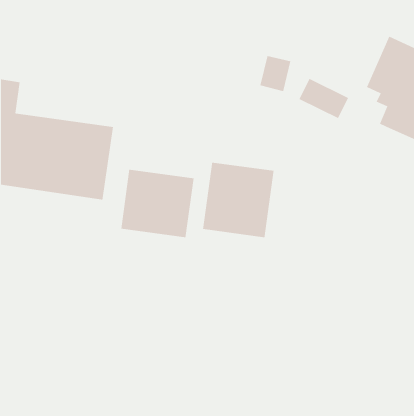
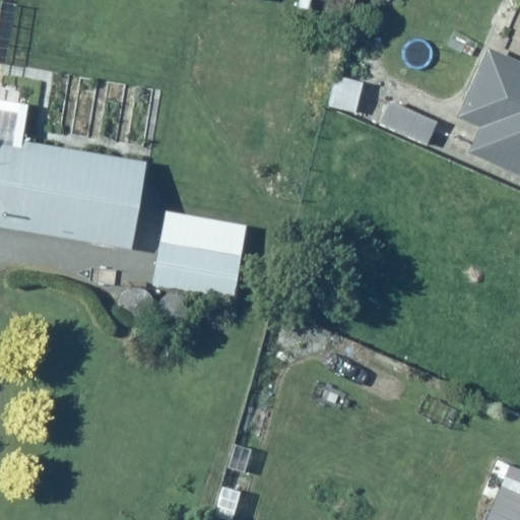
building: [203,162,274,238] -> none

